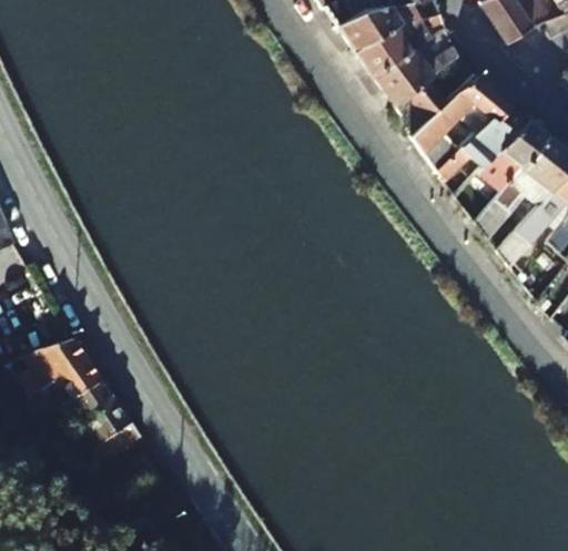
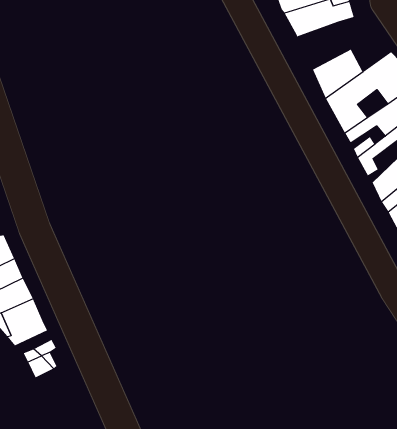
building: [369,45,460,105] -> none

